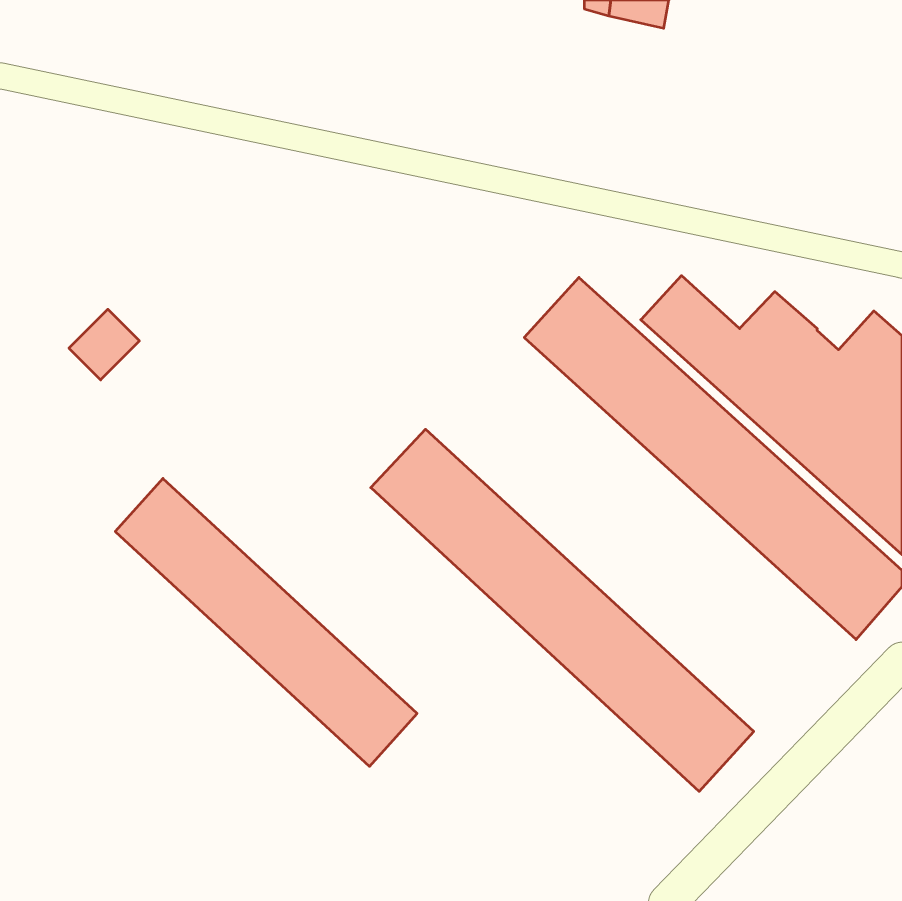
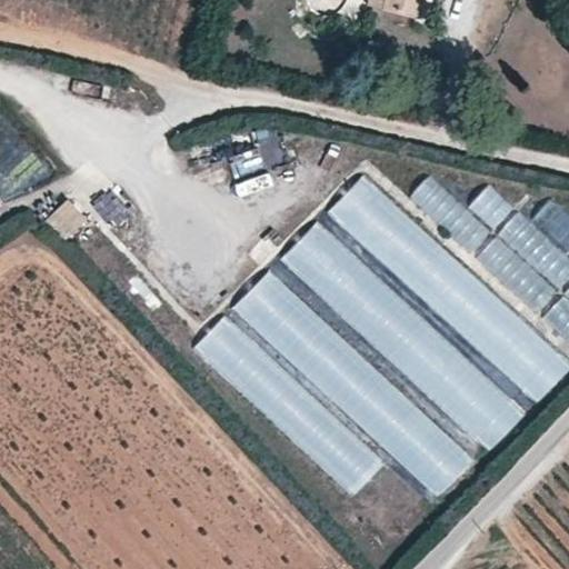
building: none -> [283,222,526,451]
building: [115,478,417,766] -> [196,316,386,497]

